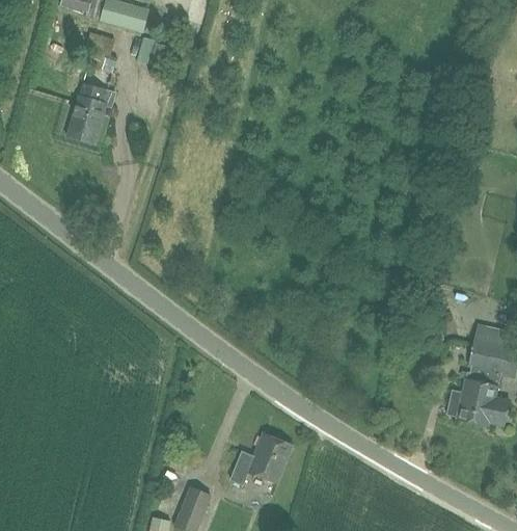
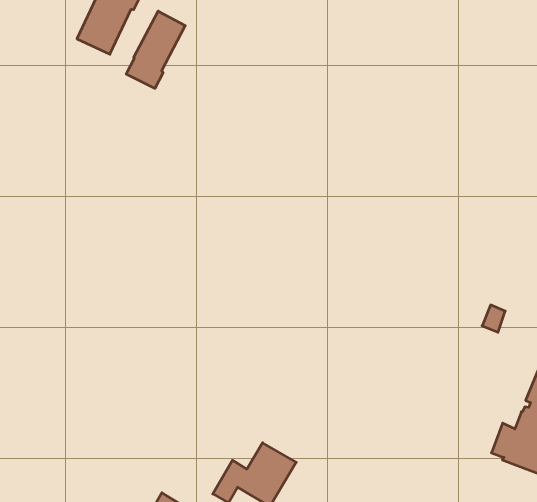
building: none -> [126,11,185,88]

